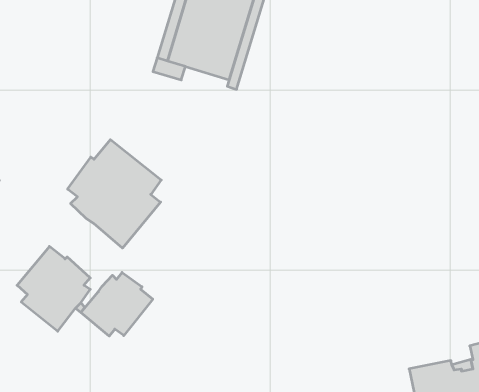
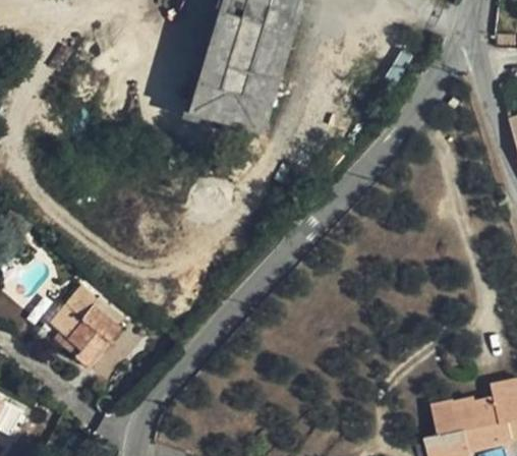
building: [68,140,161,248] -> none
building: [81,272,153,336] -> none

